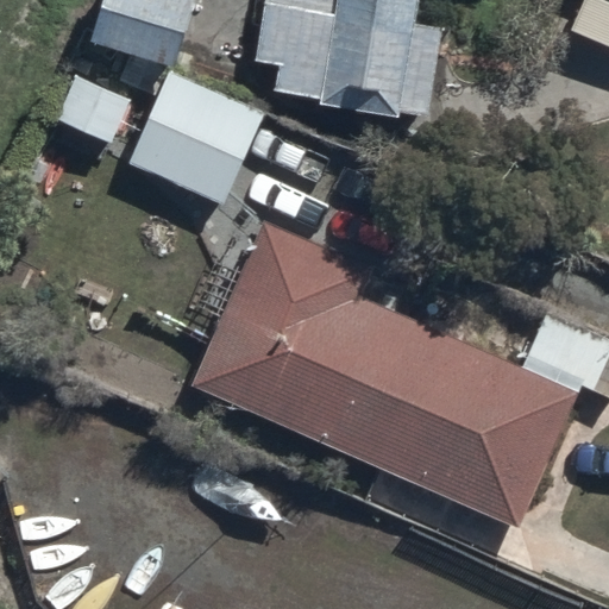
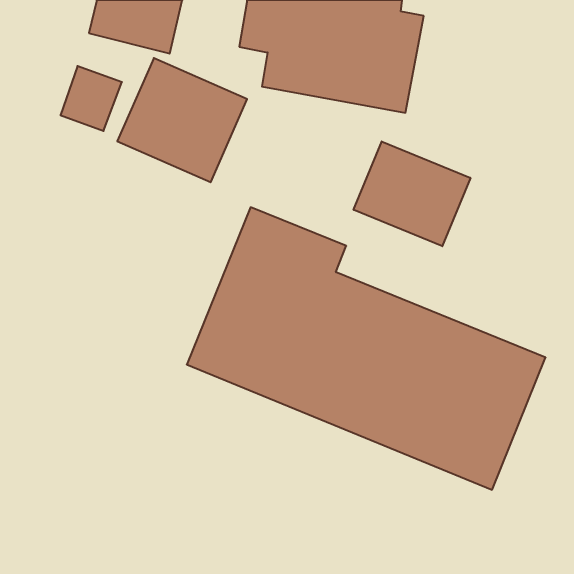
building: none -> [354,141,470,246]

